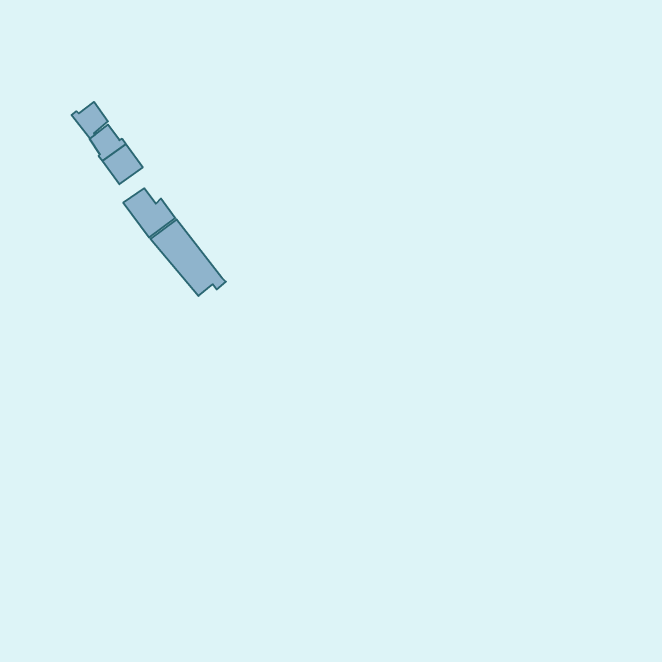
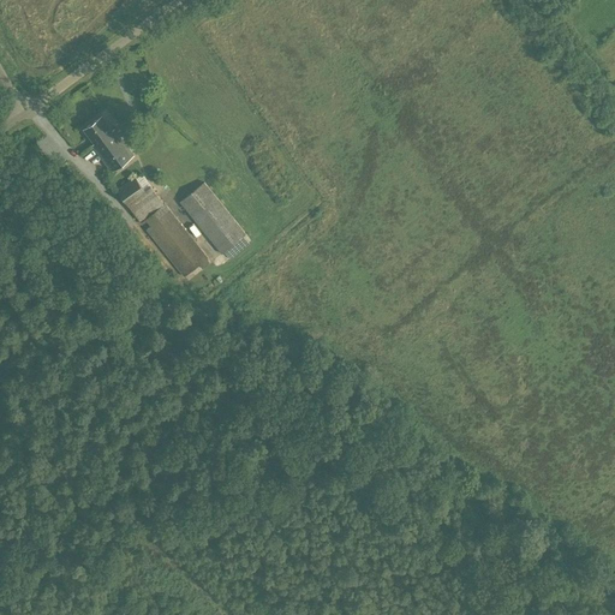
building: [72,102,108,139] -> none
building: none -> [178,183,249,258]

